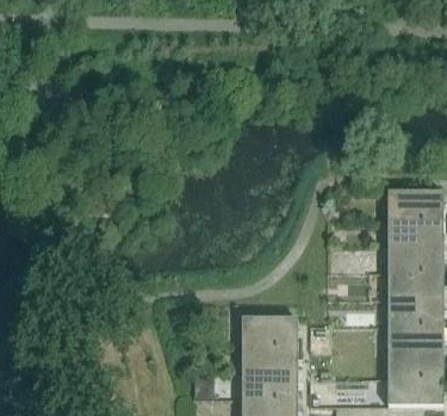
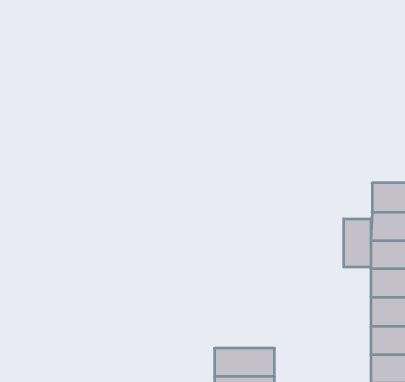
building: none -> [344,219,371,267]
building: [242,318,298,346] -> none

